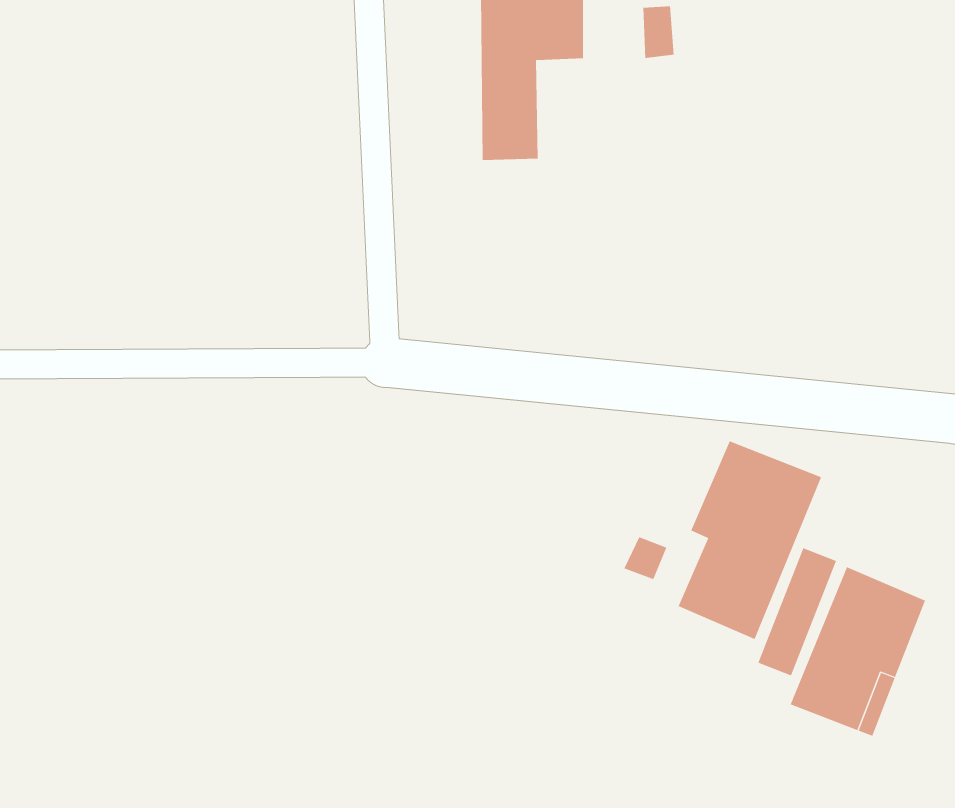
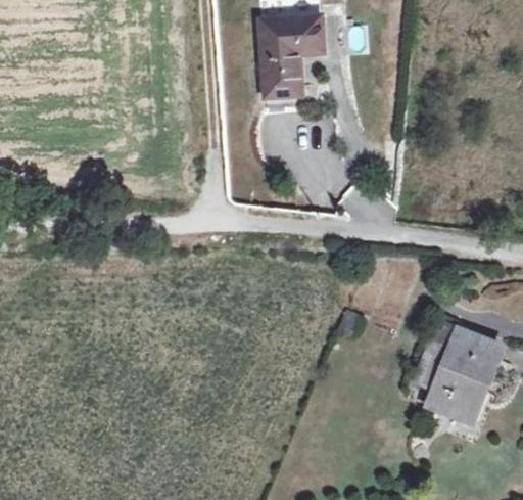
building: [678,441,822,640] -> none

